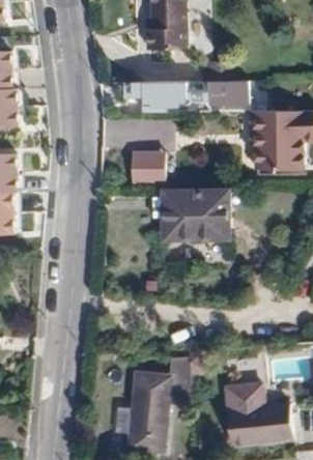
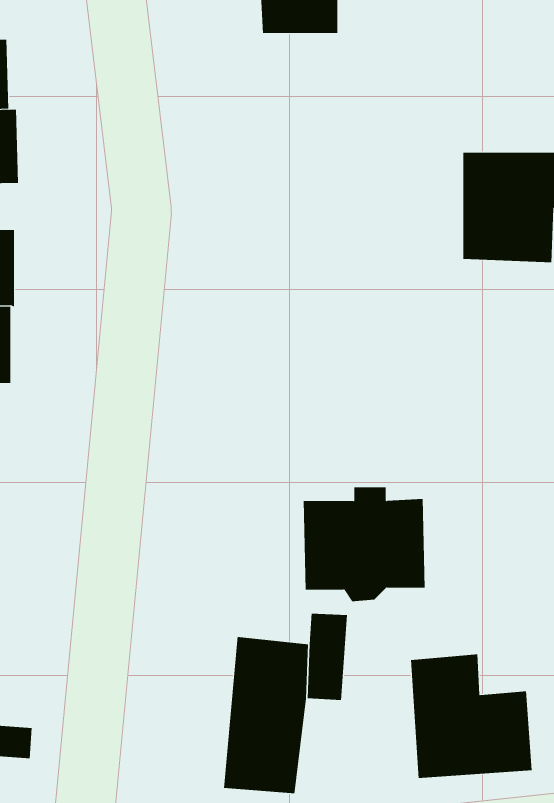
building: [125,80,250,103] -> none
building: [132,151,166,182] -> none
building: [166,184,231,246] -> [303,487,426,602]

